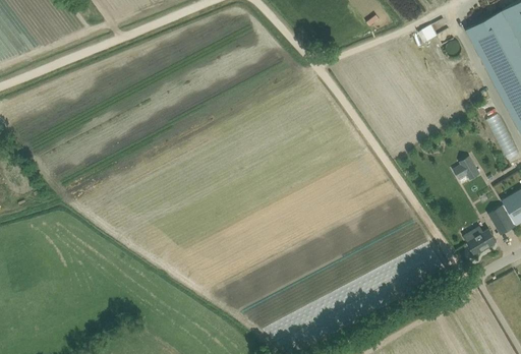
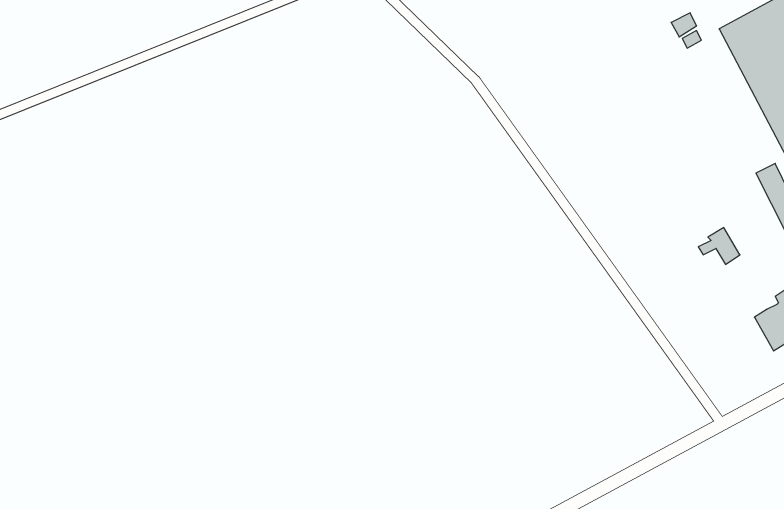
building: [464,230,496,255] -> none

